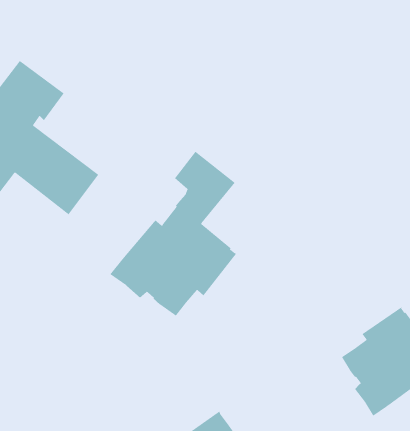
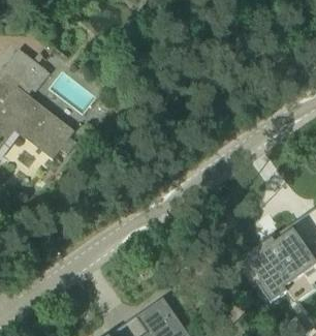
building: [110,151,237,317] -> none

